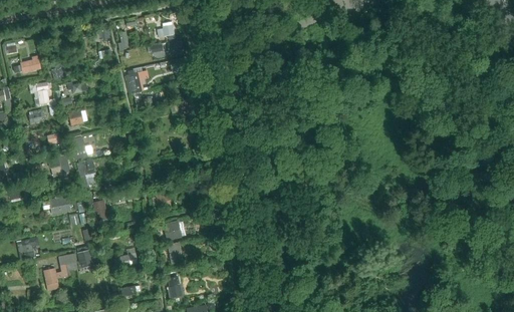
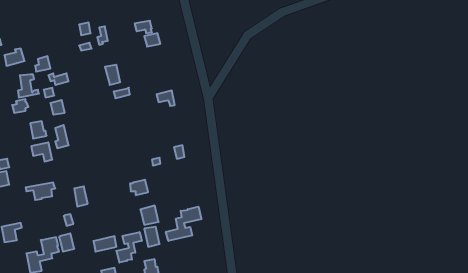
building: [76,160,95,188] -> none
building: none -> [166,207,202,241]
building: none -> [116,232,142,263]

